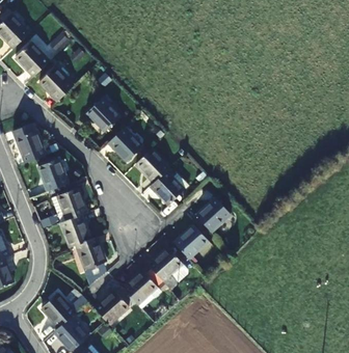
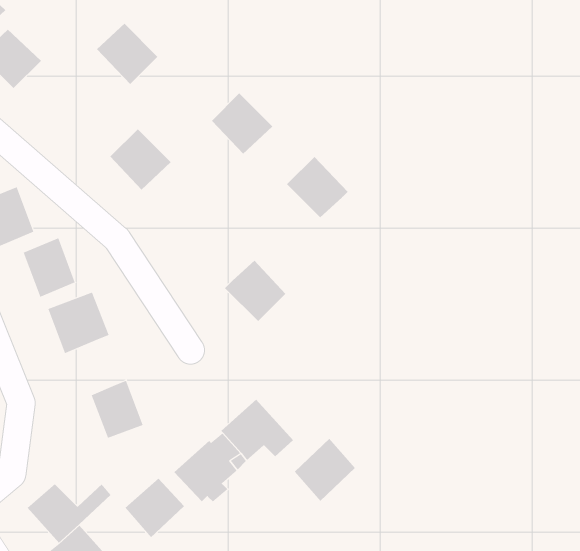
building: [38,67,73,102] -> [96,23,158,85]
building: [108,128,142,162] -> [211,93,273,155]
building: [135,148,169,183] -> [286,156,348,218]
building: [195,198,230,232] -> none
building: [60,215,90,248] -> none
building: [173,224,208,260] -> [294,438,356,502]

